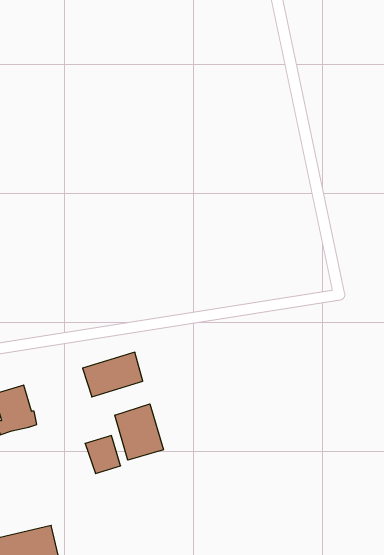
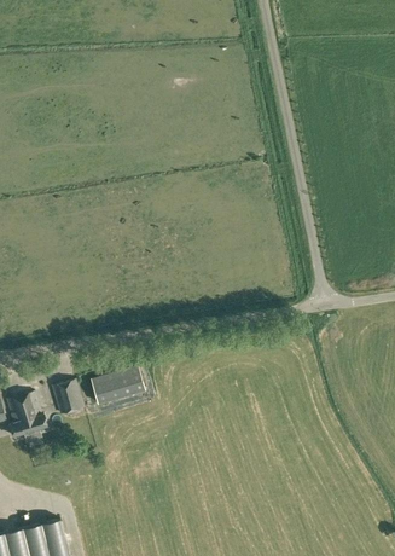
building: [115,404,164,460] -> none
building: [85,436,121,474] -> [51,380,83,415]

